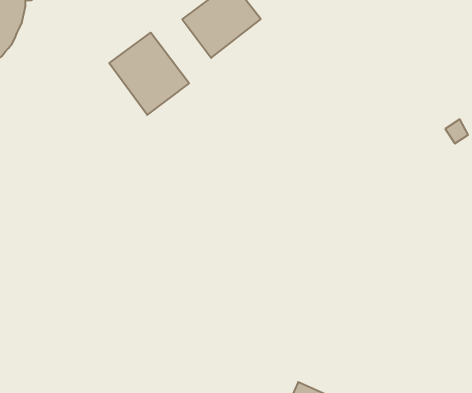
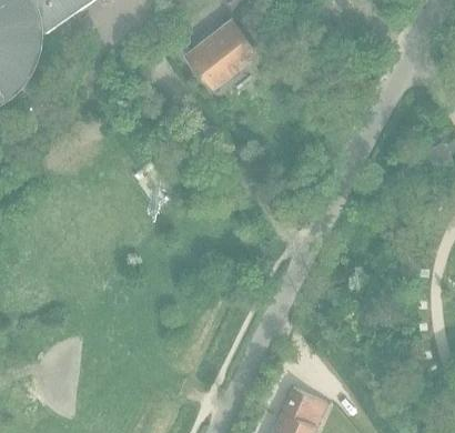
building: [109,33,189,115] -> none

